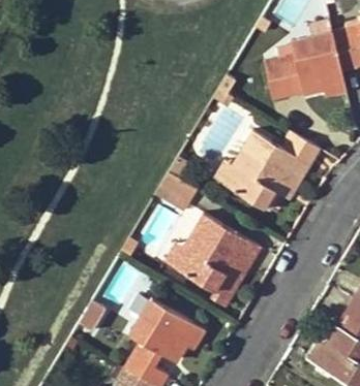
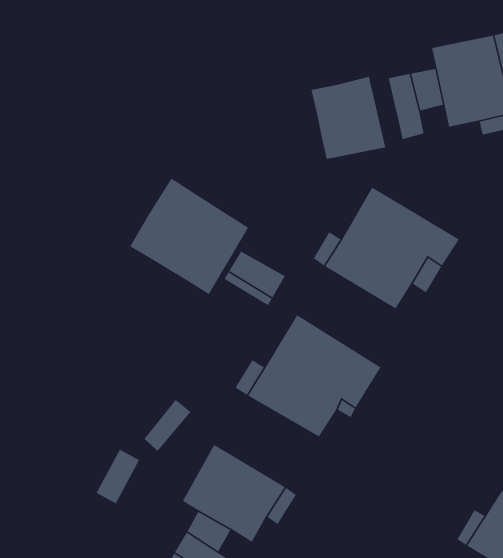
building: none -> [310,76,386,160]
building: none -> [129,177,249,295]

